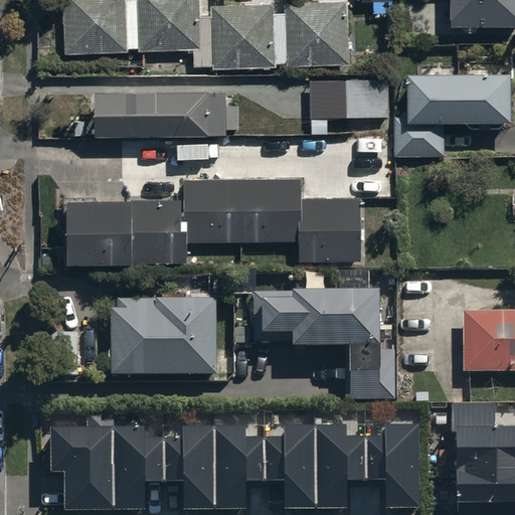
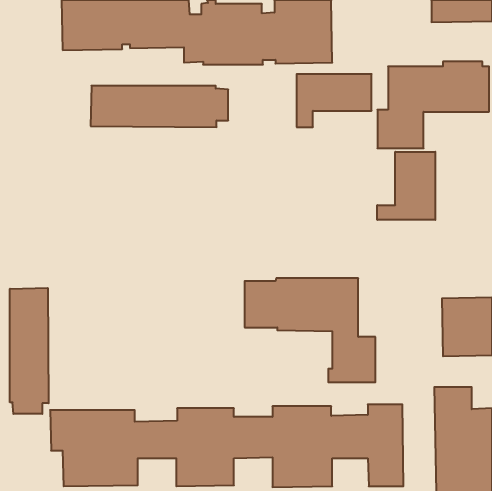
building: none -> [377,152,435,220]
building: [67,178,358,264] -> none
building: [112,299,217,376] -> none
building: none -> [10,288,49,414]

